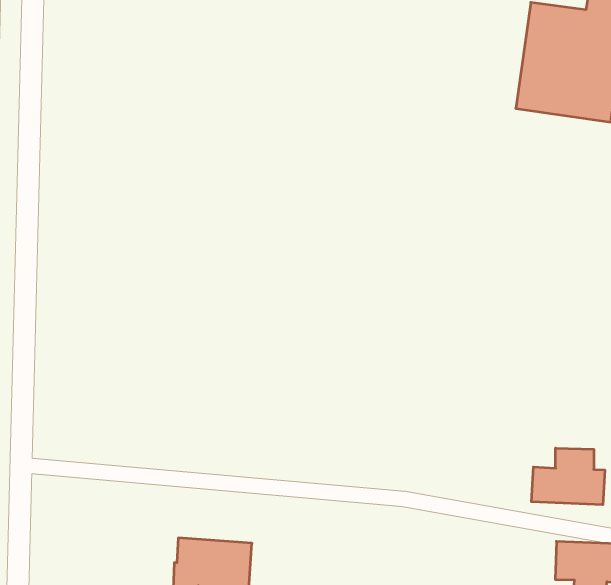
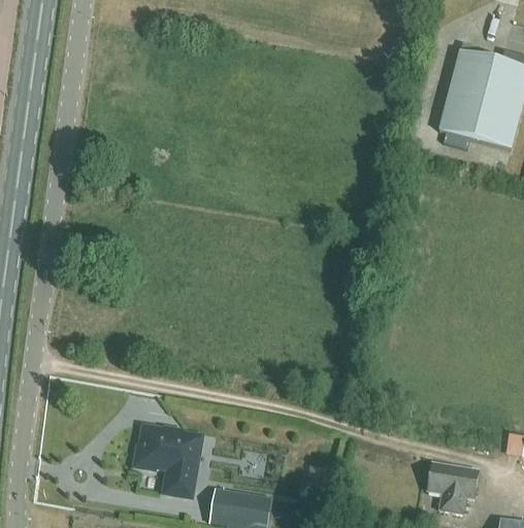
building: [531,448,605,505] -> none

